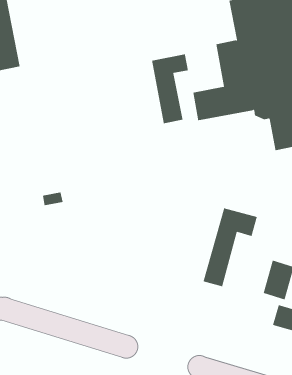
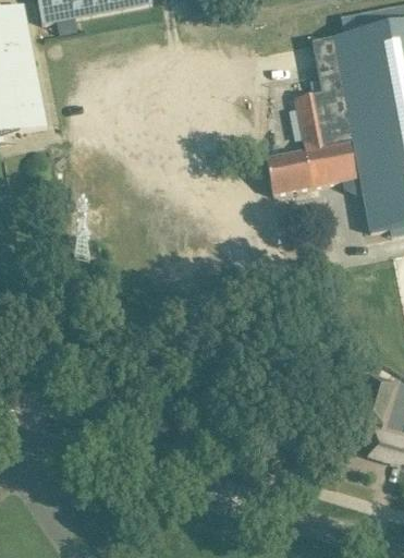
building: [151,53,189,124] -> none
building: [203,207,257,287] -> none

